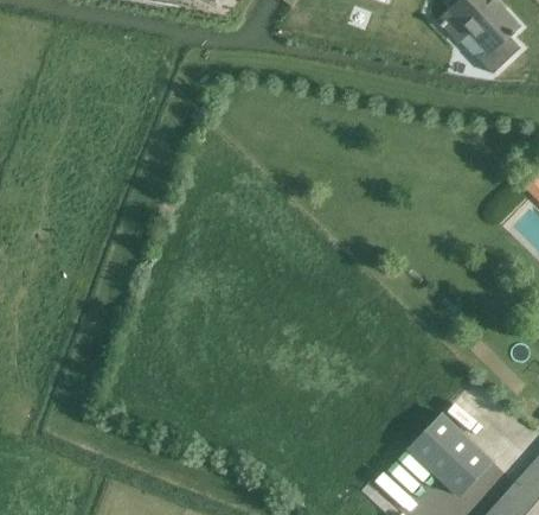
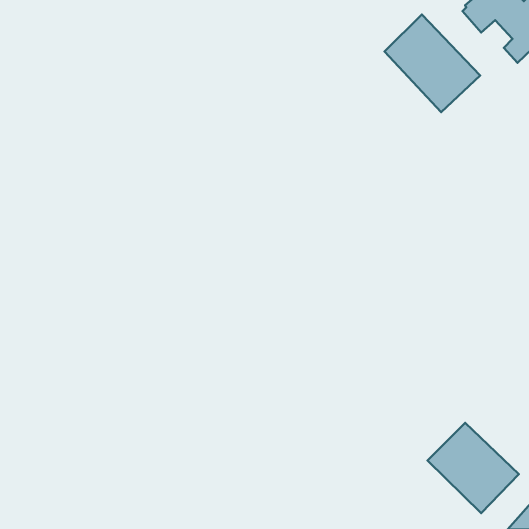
building: none -> [384,15,480,112]

